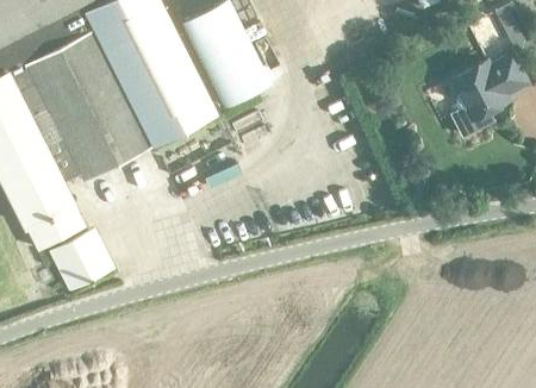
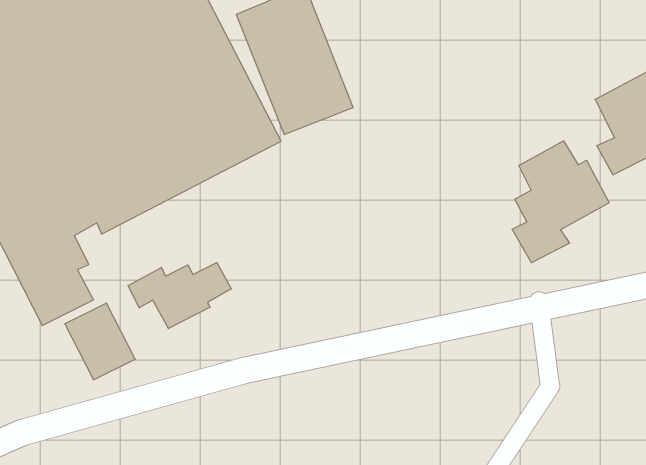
building: none -> [512,141,609,263]
building: none -> [128,263,231,329]

